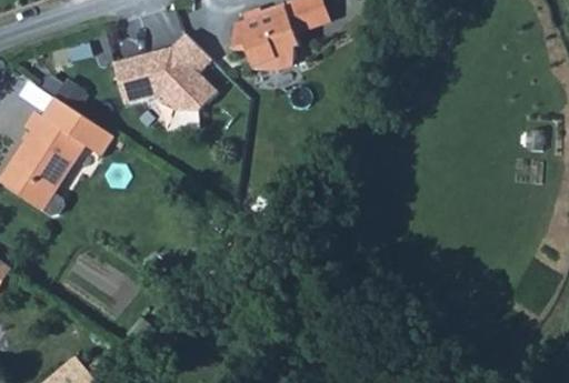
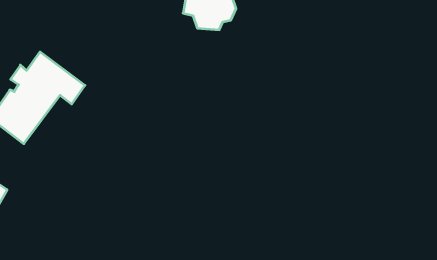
building: [114,37,218,109] -> none

